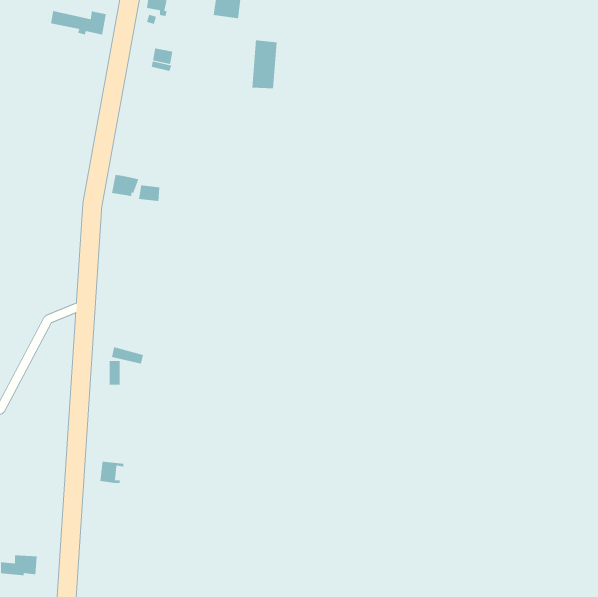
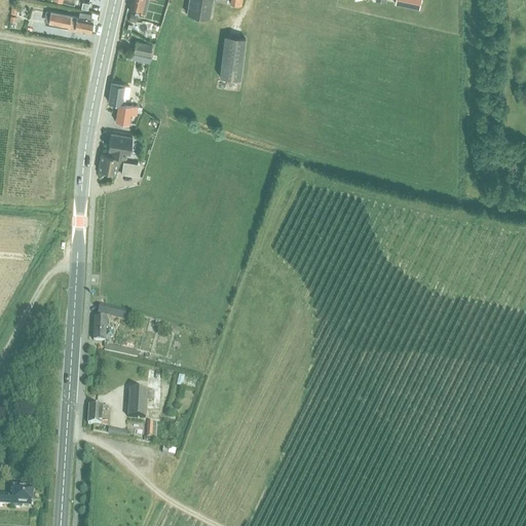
building: none -> [108,82,138,124]
building: none -> [108,133,133,157]
building: none -> [128,389,154,417]

